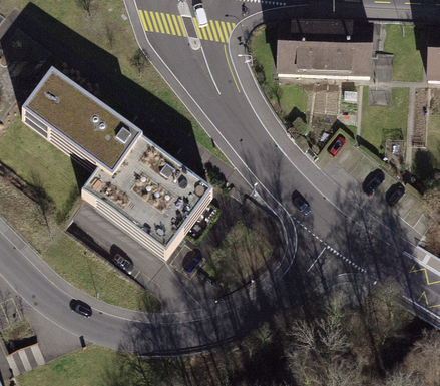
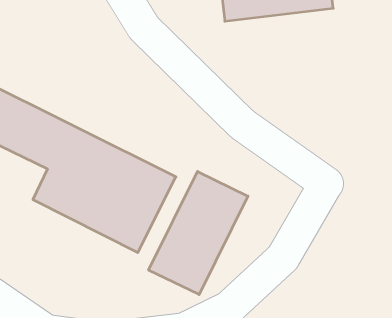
building: none -> [149,171,248,295]

